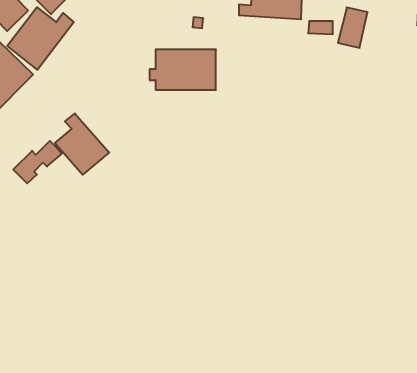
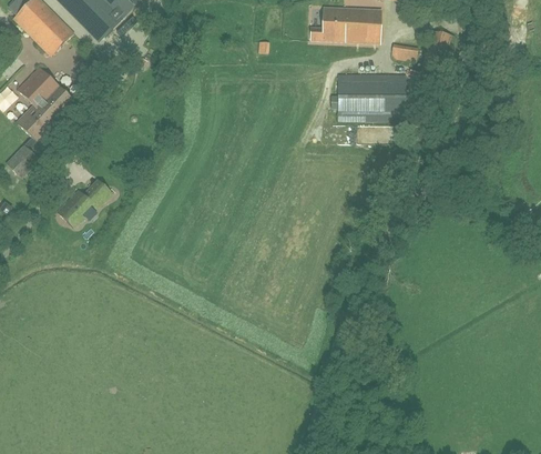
building: [7,7,74,70] -> none
building: [150,49,216,90] -> [331,73,406,119]
building: [55,113,109,175] -> none

